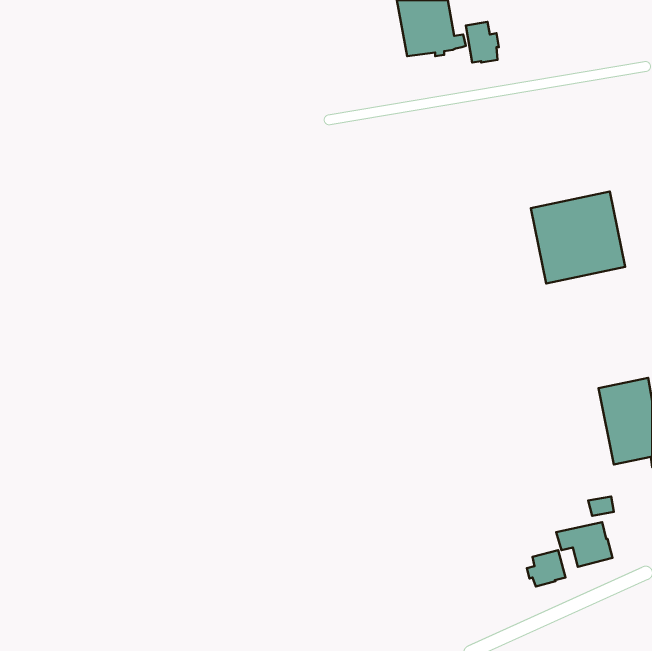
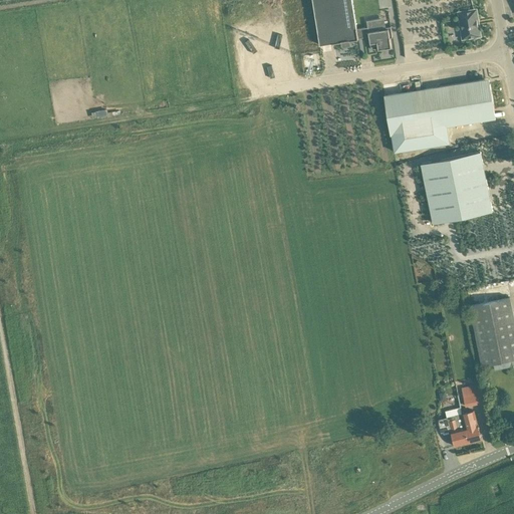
building: none -> [459,11,480,38]
building: none -> [384,80,496,152]
building: [527,550,565,586] -> none

